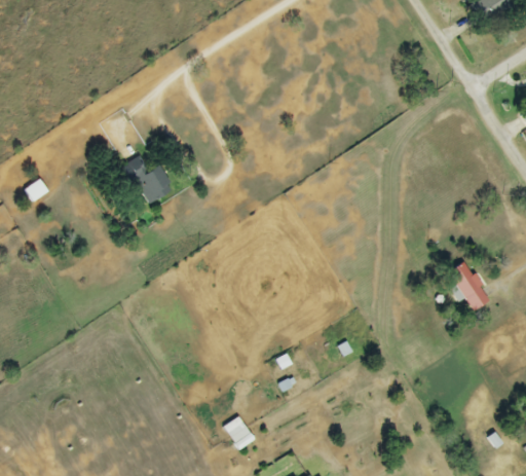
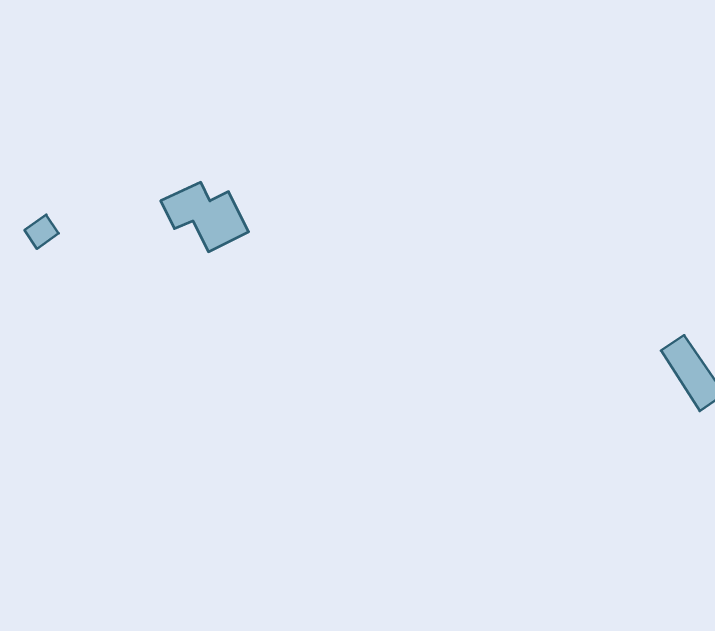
building: [223,416,254,449] -> none

